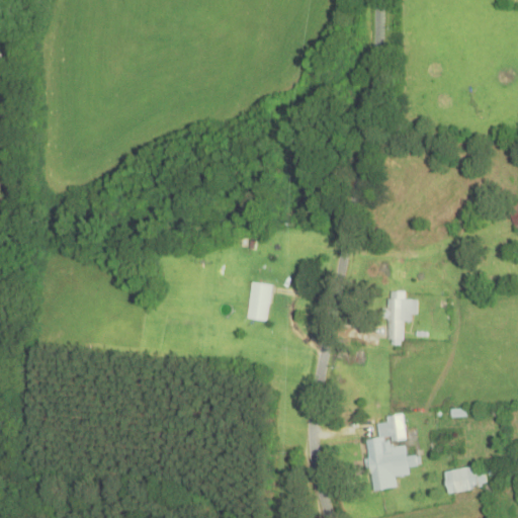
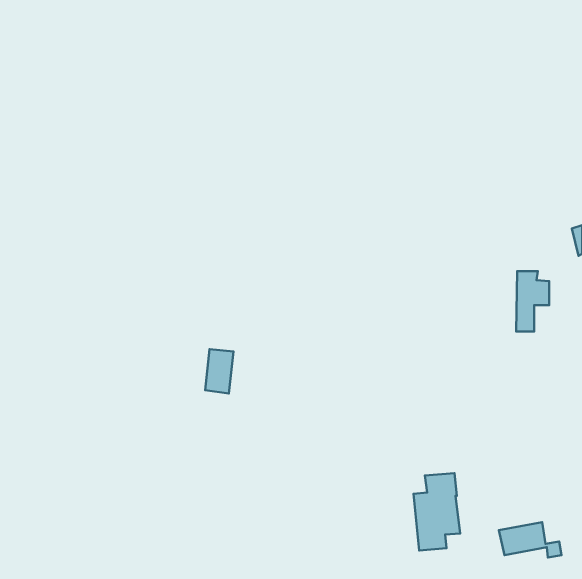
building: [247,281,272,321] -> [205,349,233,393]
building: [386,290,416,344] -> [516,271,549,331]

